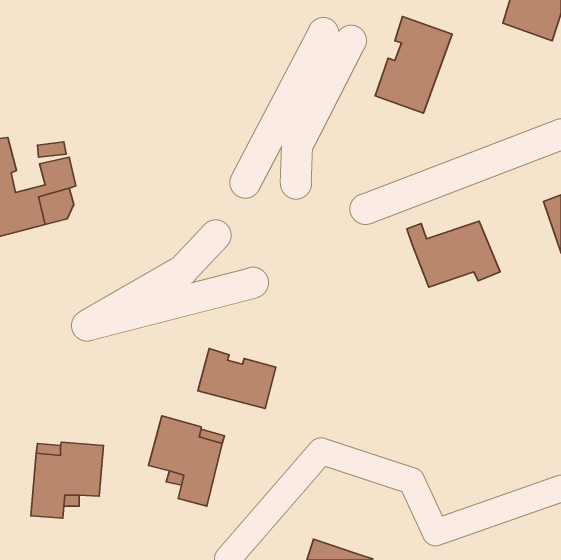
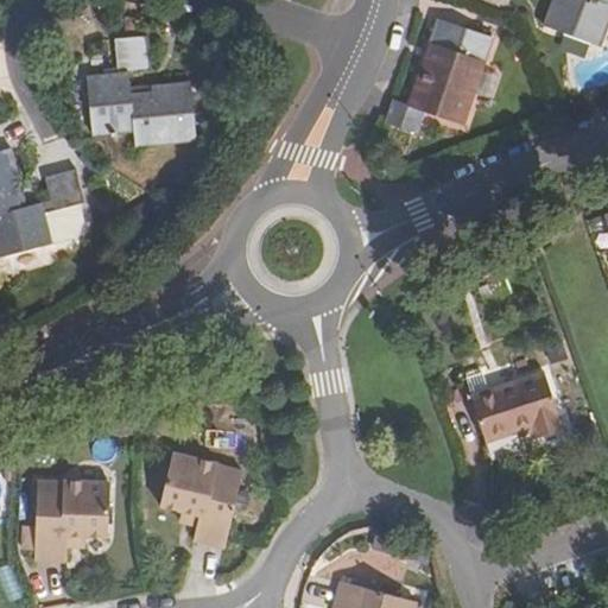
building: none -> [88,38,195,147]
building: [407,221,500,287] -> [466,369,566,441]
building: [198,349,276,408] -> none

